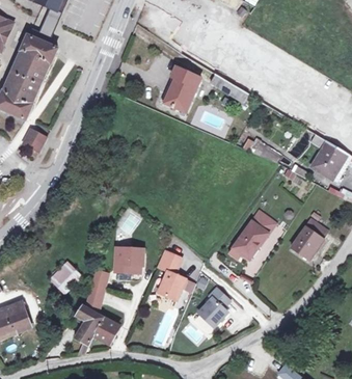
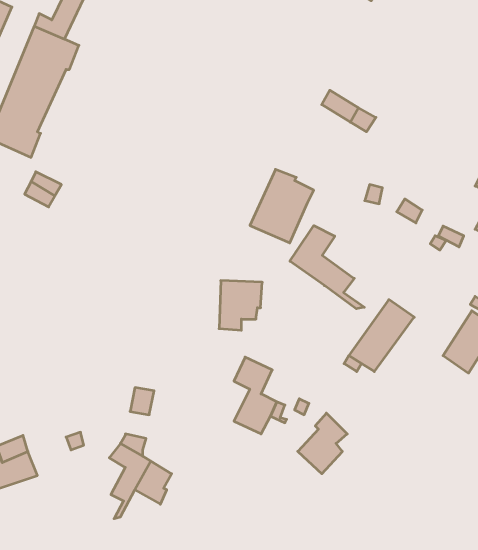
building: [159,64,200,112] -> [250,169,314,243]
building: none -> [290,226,364,309]
building: [114,246,142,278] -> [219,281,262,330]
building: [51,263,79,292] -> none

